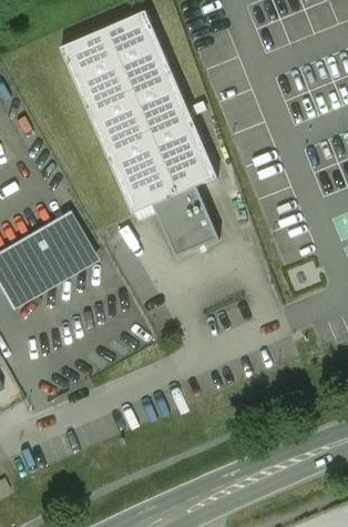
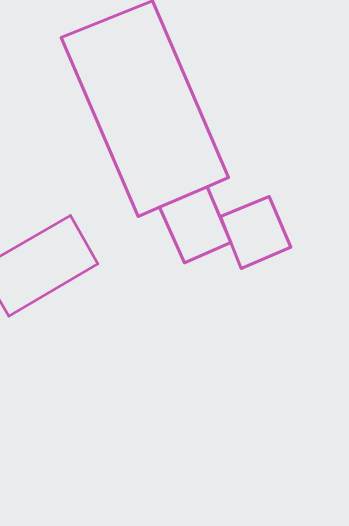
building: none -> [220,196,291,268]

